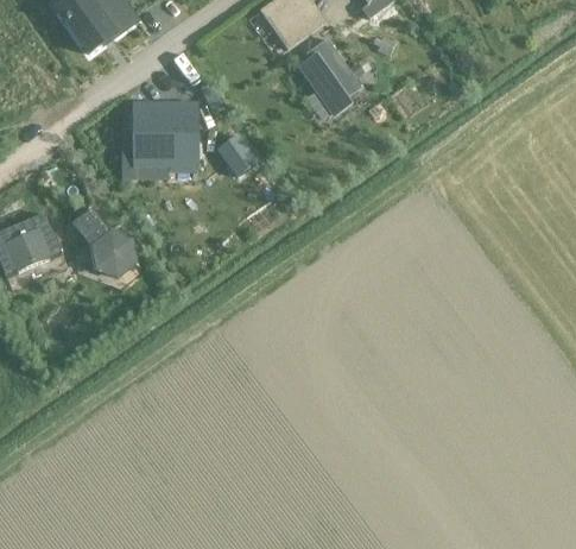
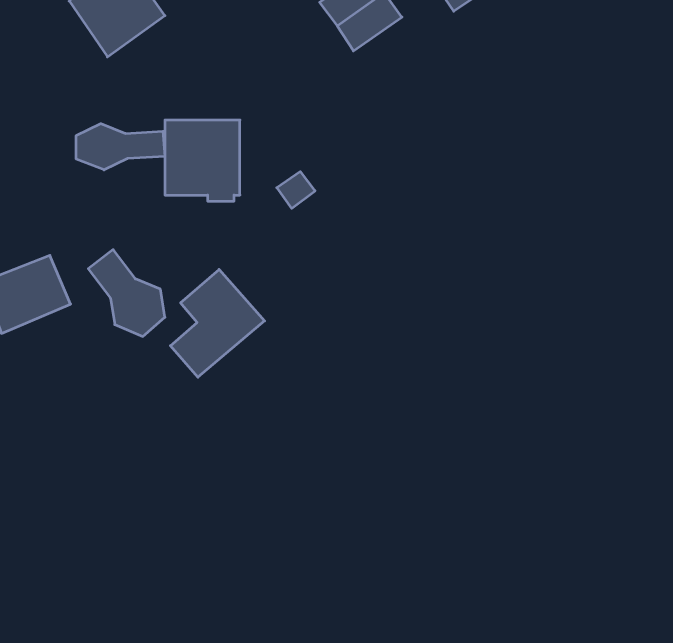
building: [299,37,360,112] -> none
building: none -> [76,124,165,170]
building: none -> [170,269,265,377]

